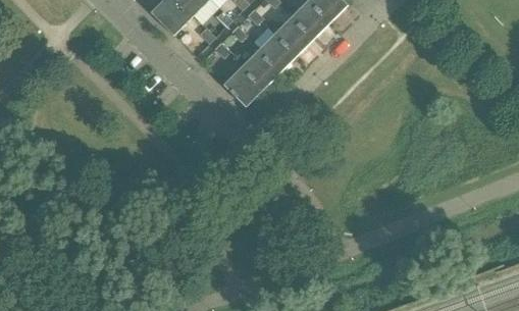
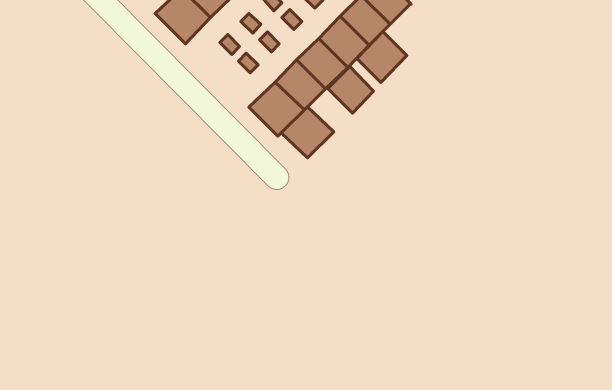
building: none -> [357,31,407,83]
building: none -> [328,66,373,113]
building: none -> [281,107,334,158]

